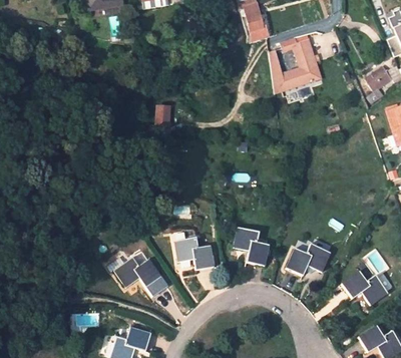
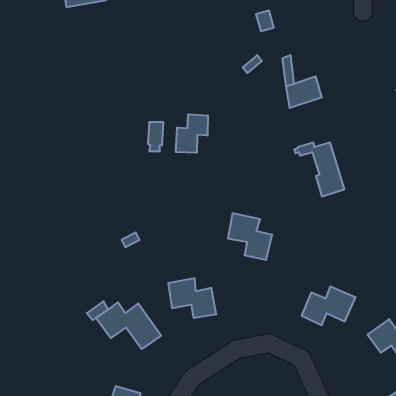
building: [280,40,322,85] -> [294,142,345,196]
building: none -> [176,114,208,153]
building: [233,227,270,266] -> [228,213,272,260]

